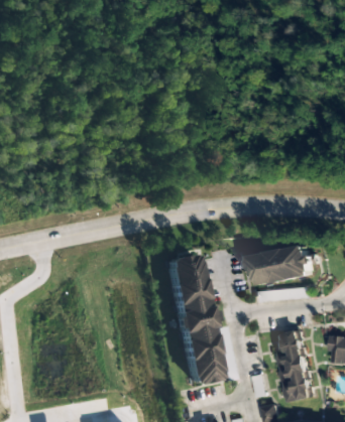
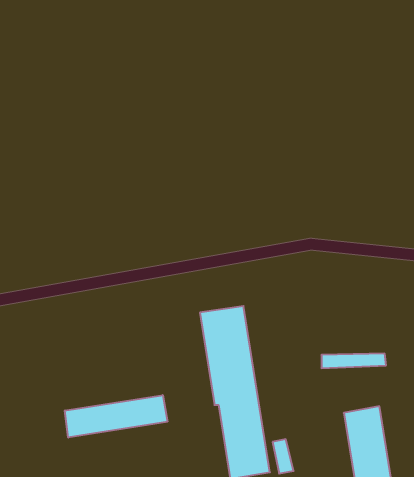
building: [250,247,321,286] -> none
building: none -> [65,395,167,438]

